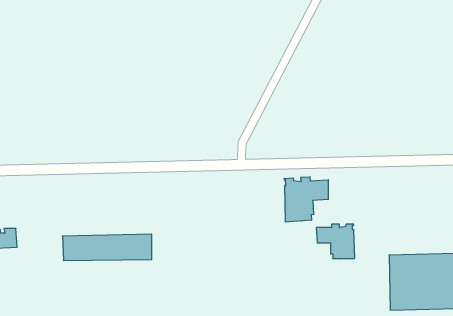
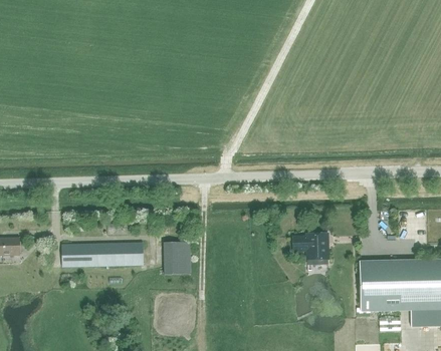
building: [284,177,328,222] -> none
building: none -> [163,241,191,274]

